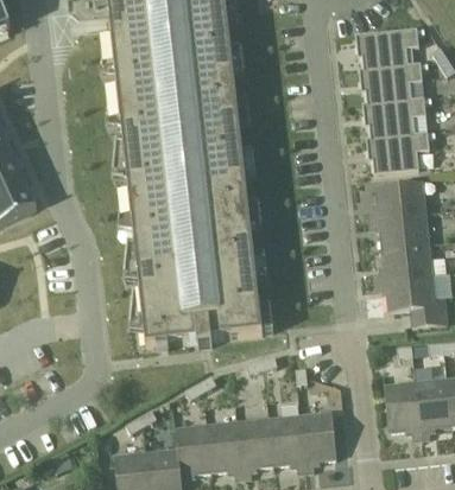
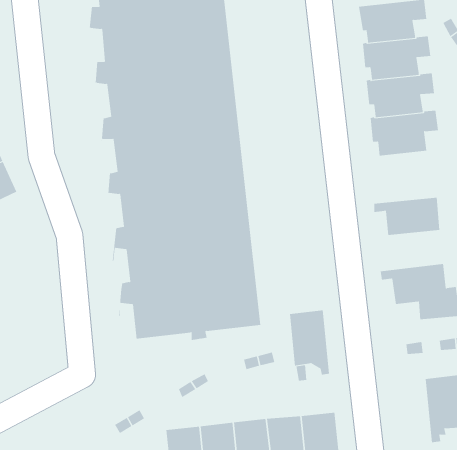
building: [368,179,442,217] -> none
building: [375,242,435,280] -> none
building: [385,380,423,440] -> [289,310,330,375]

